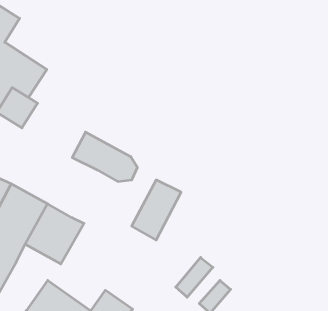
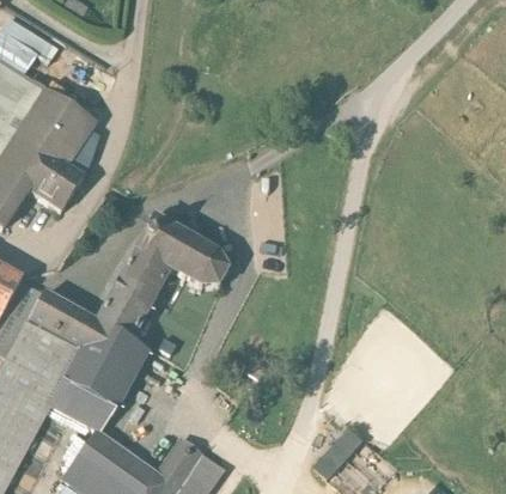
building: [132,180,181,240] -> [97,252,169,340]
building: none -> [51,378,116,431]
building: [176,257,213,297] -> none

